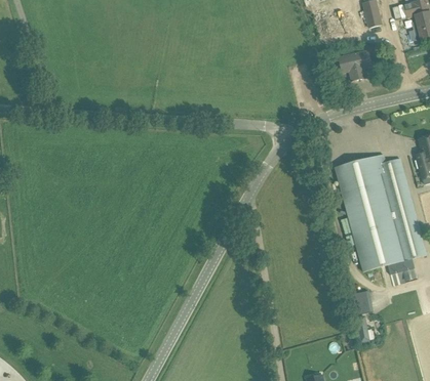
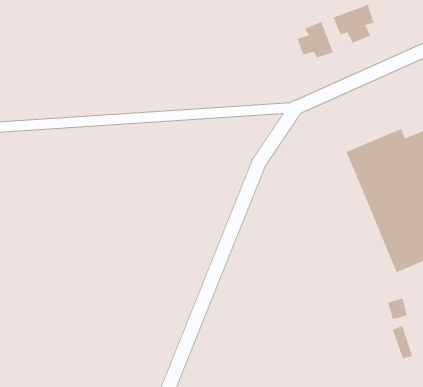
building: none -> [297,21,334,59]

